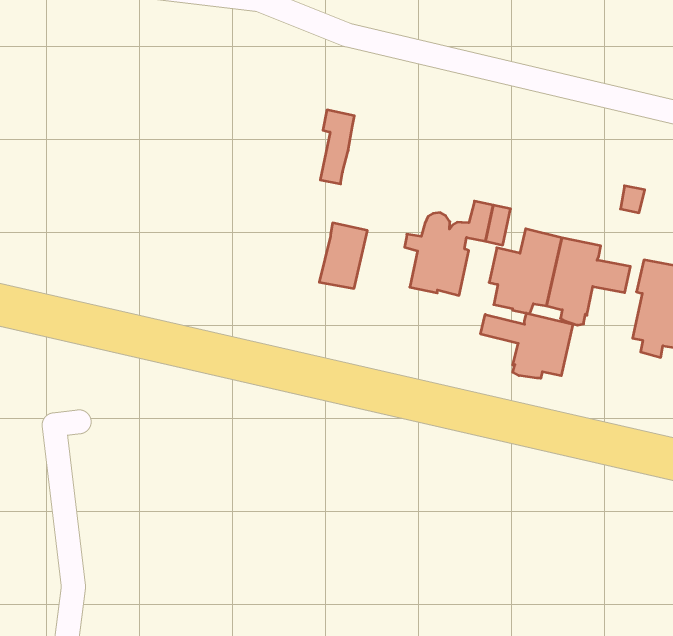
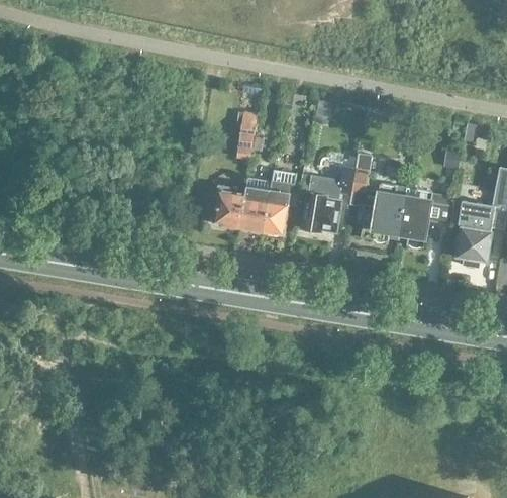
building: none -> [263,172,297,235]
building: none -> [212,194,244,228]
building: [481,313,573,378] -> none

